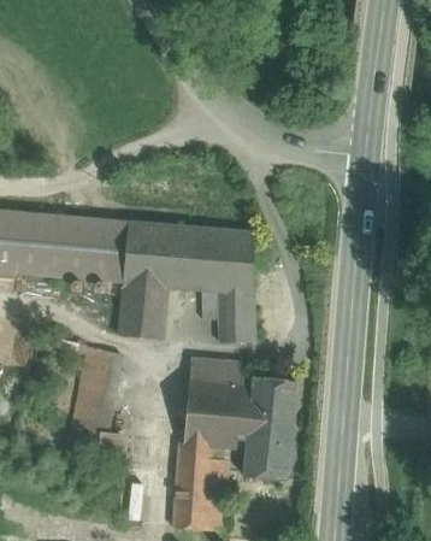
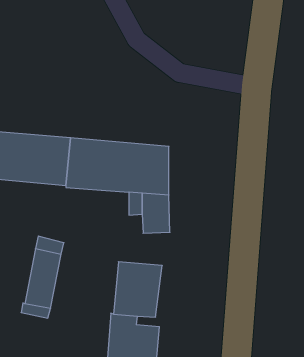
building: [118,283,167,337] -> none
building: [189,357,246,382] -> none
building: [243,377,296,478] -> none

